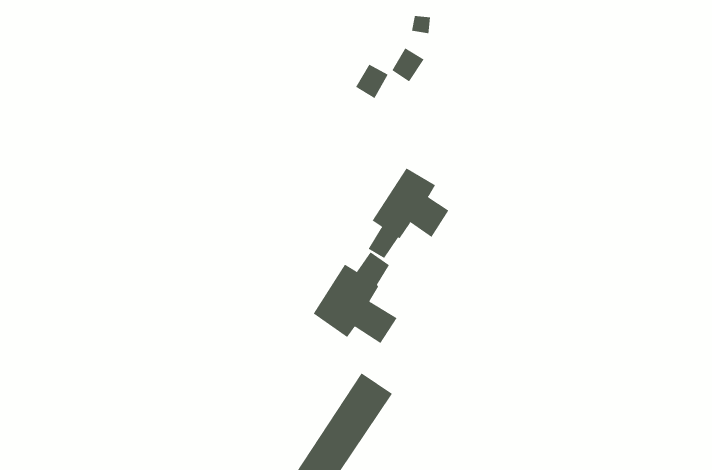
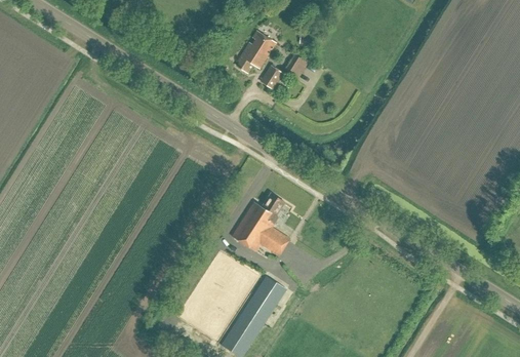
building: none -> [238,30,276,73]
building: [368,168,449,259] -> none

